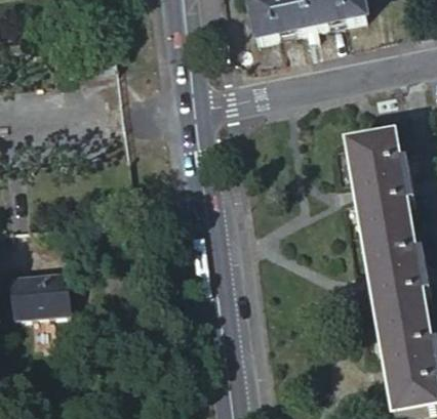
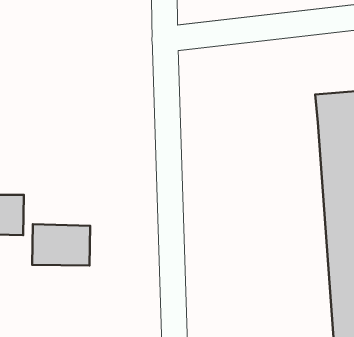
building: none -> [32,224,90,266]

